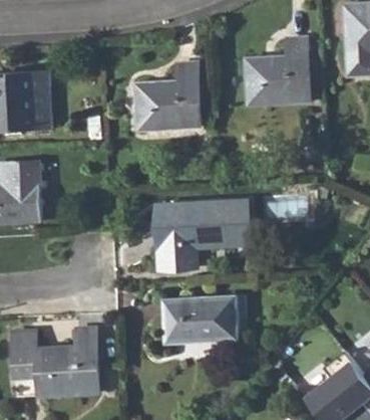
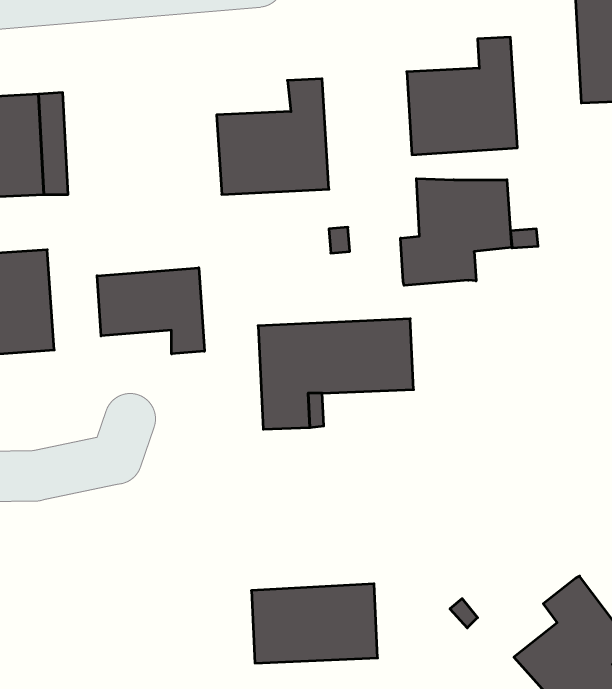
building: none -> [401,179,512,285]
building: none -> [97,268,204,354]
building: [164,295,238,342] -> [251,584,378,663]
building: [14,329,99,397] -> none

